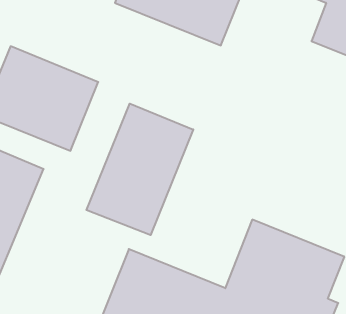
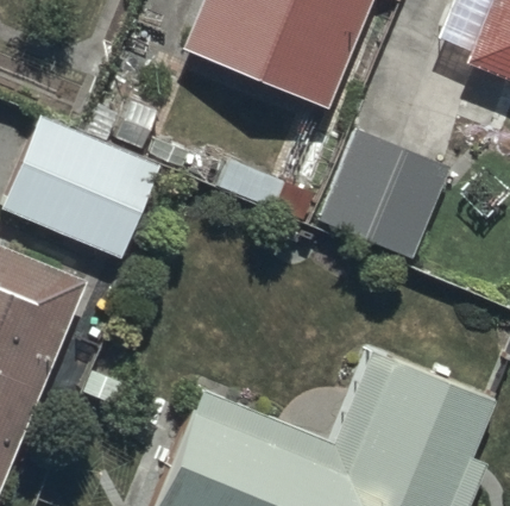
building: none -> [319,127,451,258]
building: [86,104,193,235] -> none

